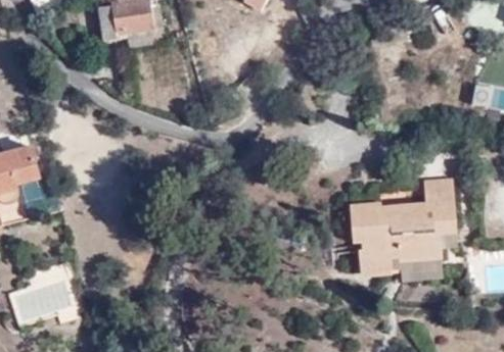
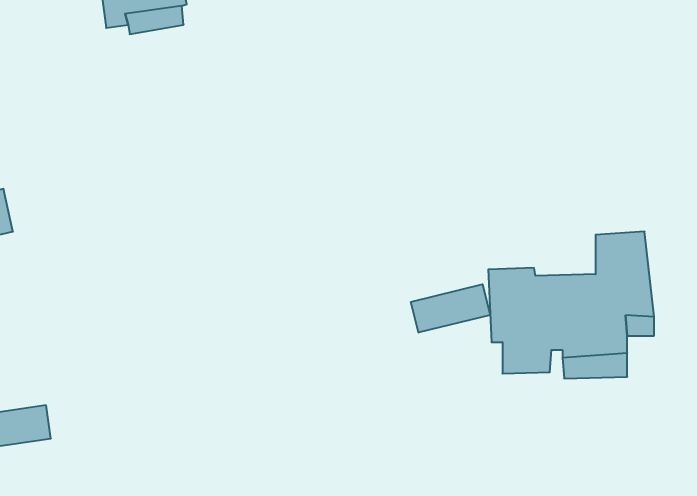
building: none -> [411,284,490,333]

